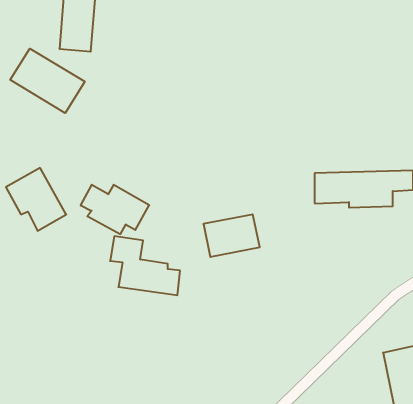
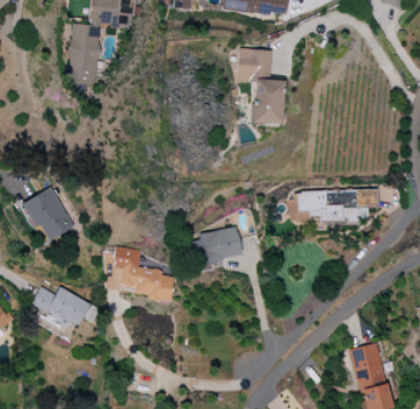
building: none -> [237,48,284,123]
building: [10,49,85,113] -> none
building: [81,185,149,234] -> [31,286,91,329]

